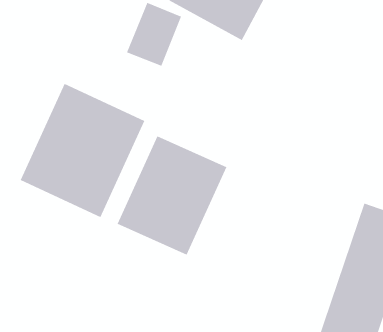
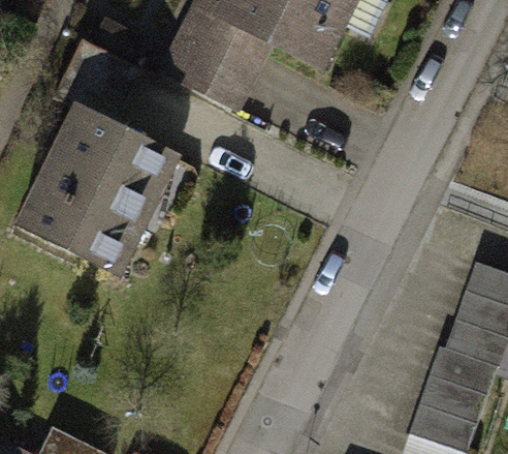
building: [117,135,227,256] -> none

